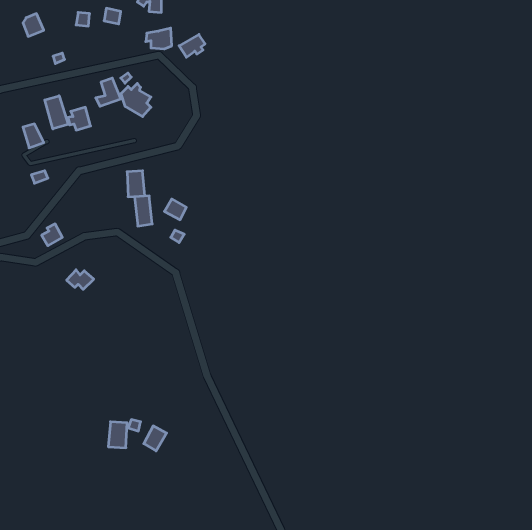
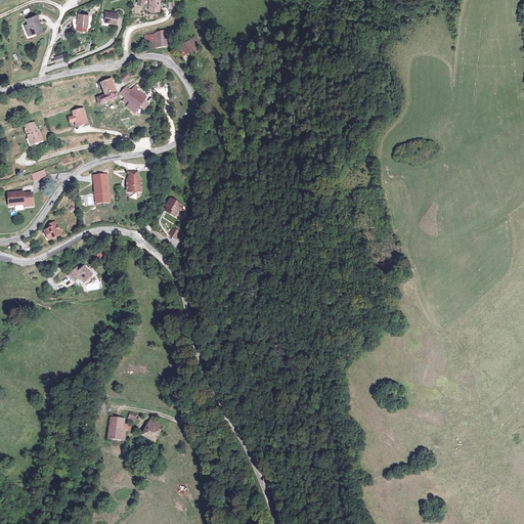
building: [45,96,68,129] -> none
building: none -> [6,188,32,207]
building: [135,196,152,226] -> [93,173,111,203]

